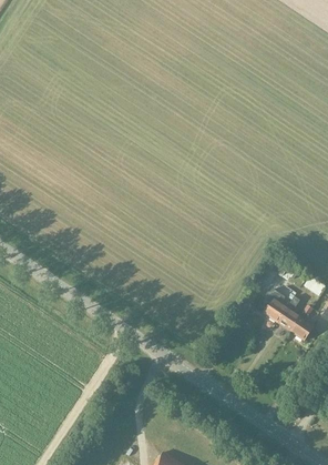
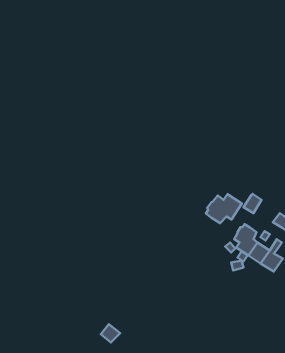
building: none -> [206,194,242,223]

